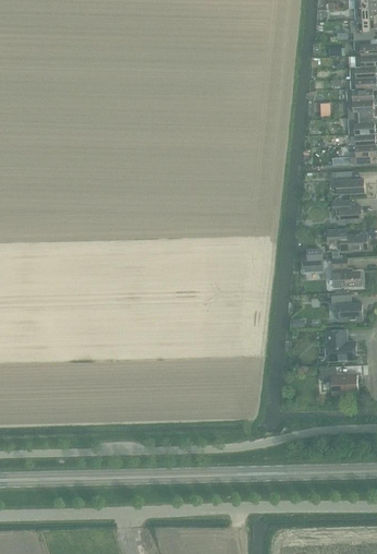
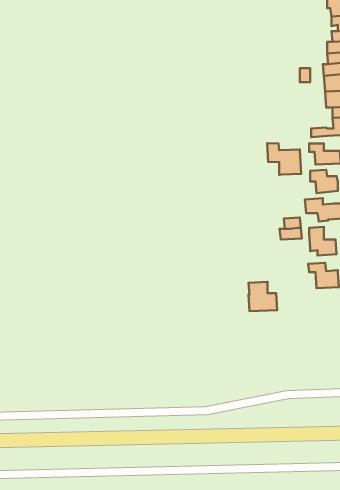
building: none -> [267,143,301,175]
building: [326,328,355,359] -> [249,282,277,311]
building: [318,365,357,393] -> none

